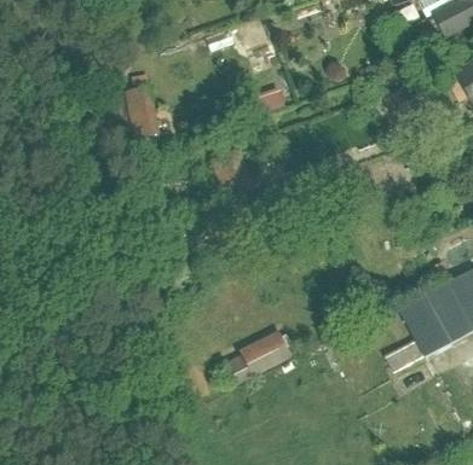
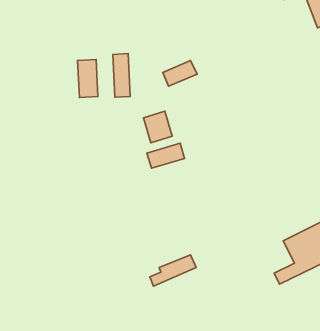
building: none -> [113,54,130,97]
building: none -> [147,143,185,168]

